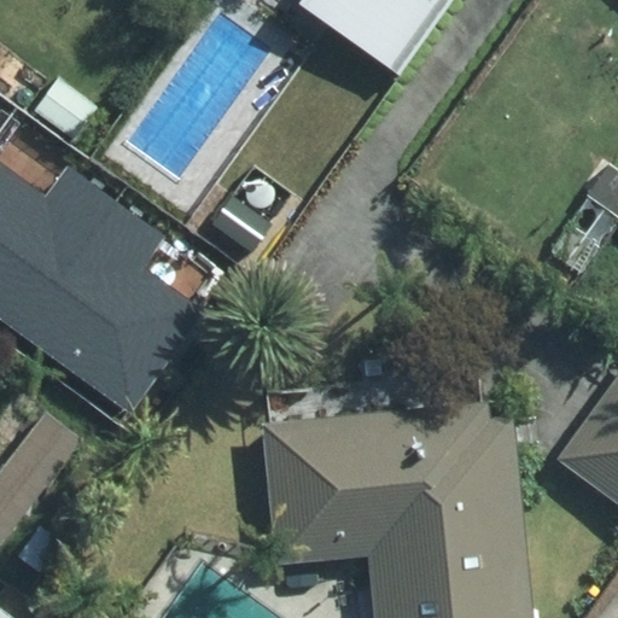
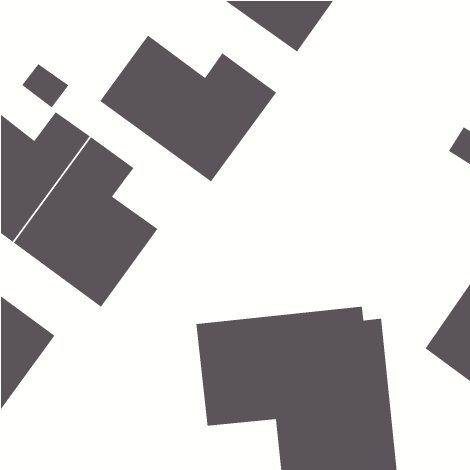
building: none -> [99,35,277,183]

